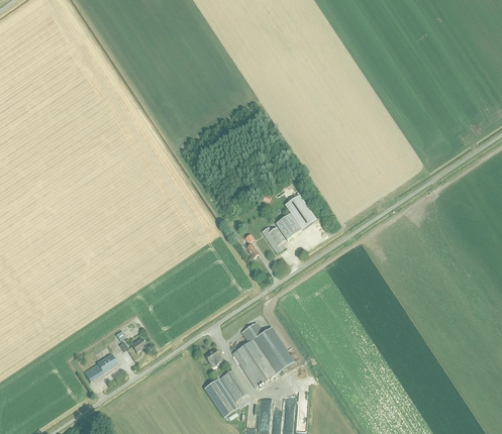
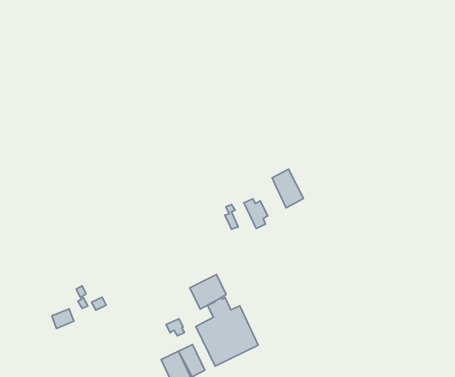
building: [274,212,301,240] -> none
building: none -> [190,275,226,309]

